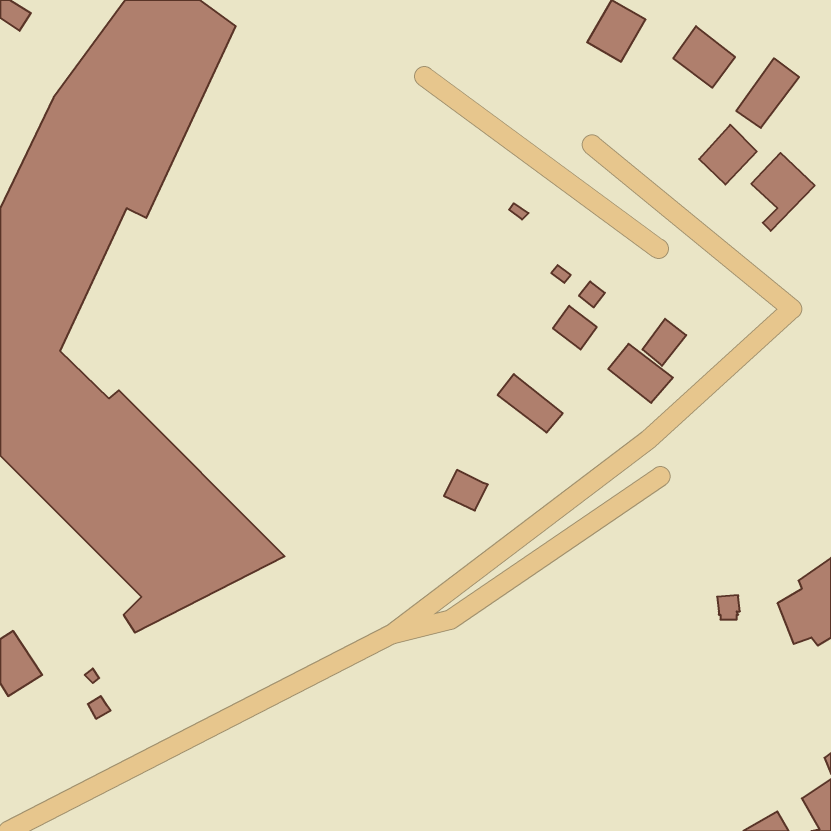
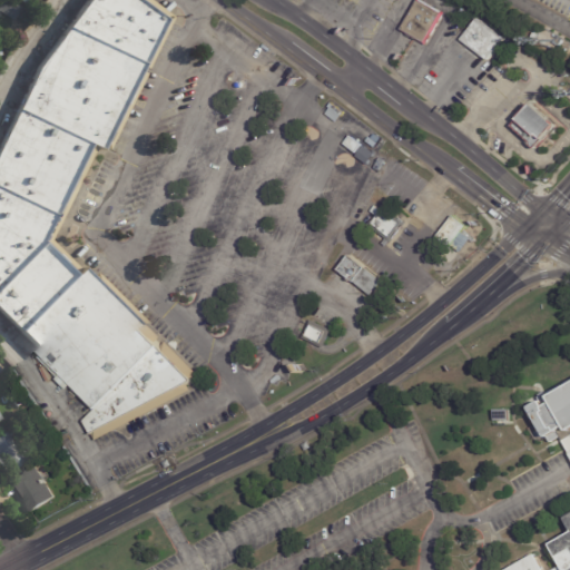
building: [736,58,799,128] -> none
building: [699,125,757,185] -> none
building: [608,344,673,403] -> none
building: none -> [10,466,56,515]

